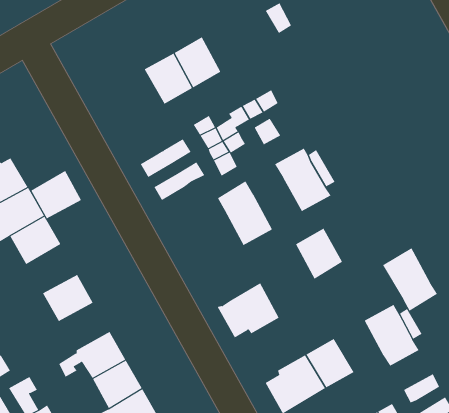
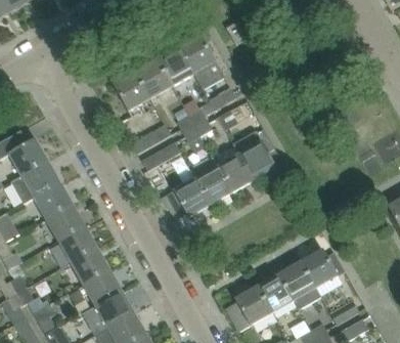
building: none -> [178,35,224,90]
building: none -> [112,72,149,111]
building: [30,170,82,219] -> [45,204,84,241]
building: [295,228,343,279] -> [217,154,253,192]
building: [382,248,438,311] -> [277,261,319,309]
building: [217,282,279,338] -> [162,178,209,220]
building: none -> [70,248,108,284]

